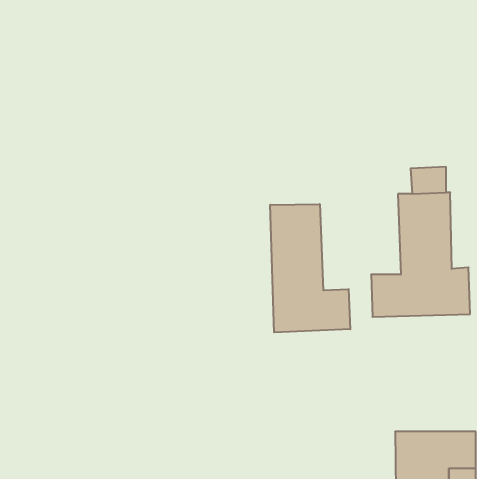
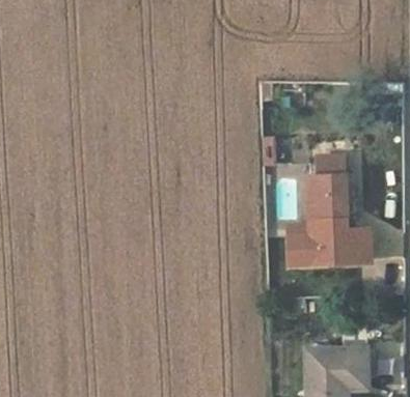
building: [270,204,350,332] -> none

